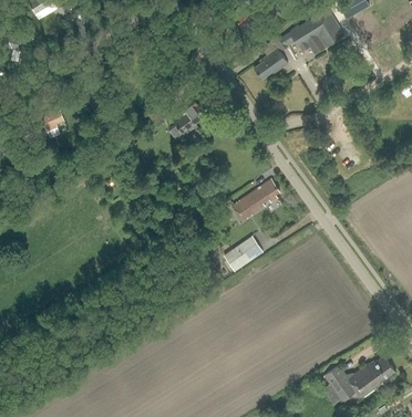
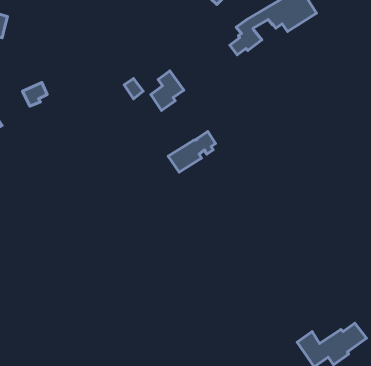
building: [230,179,279,221] -> [168,132,215,172]
building: [223,236,262,271] -> none

